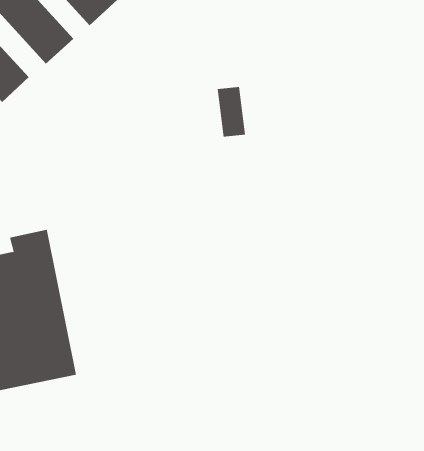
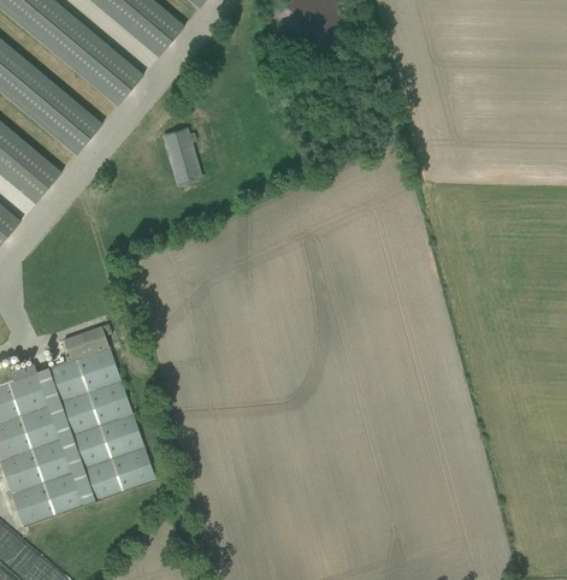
building: [217,86,246,137] -> [161,126,199,183]

